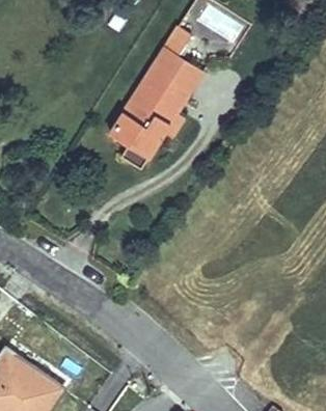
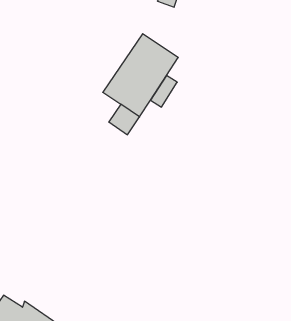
building: [151,51,202,99] -> none

